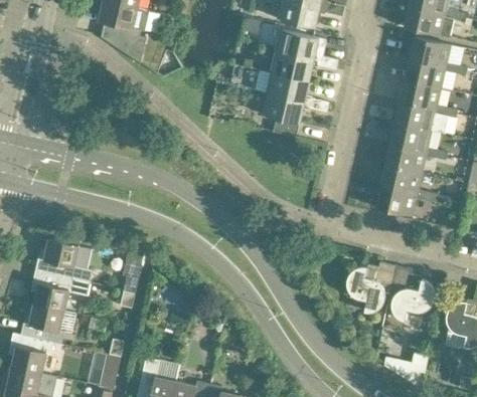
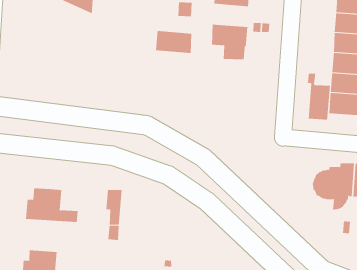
building: [267,72,309,103] -> [155,31,192,54]
building: none -> [307,73,330,120]
building: [31,270,91,311] -> none

